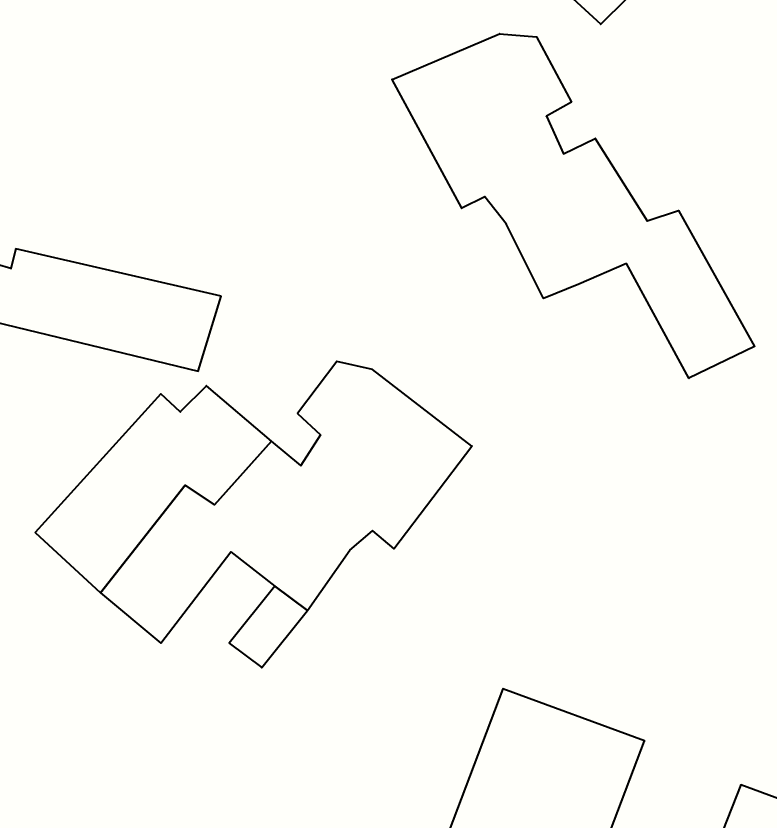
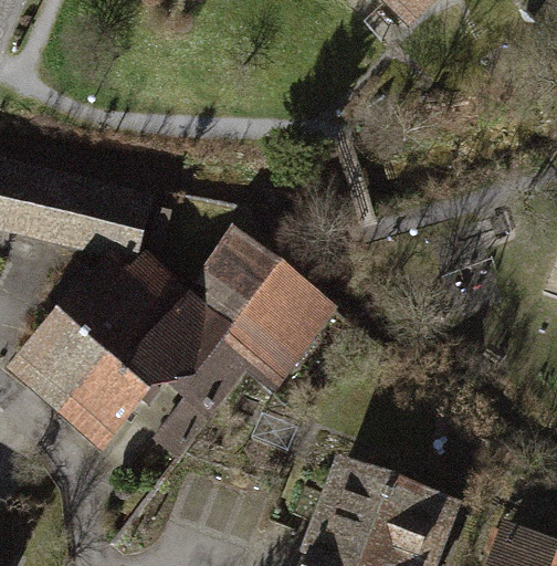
building: [392,34,755,378] -> none

